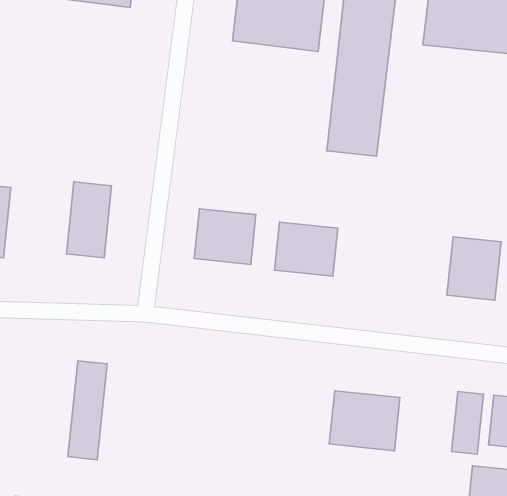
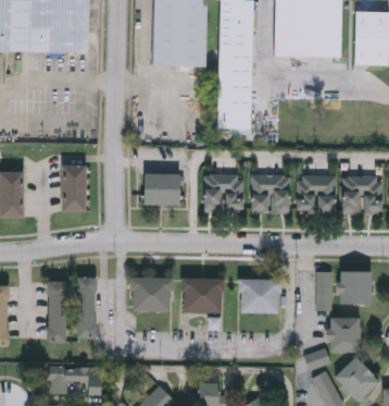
building: none -> [248,177,284,209]
building: none -> [47,281,65,342]
building: none -> [130,276,171,311]
building: none -> [181,278,223,311]

